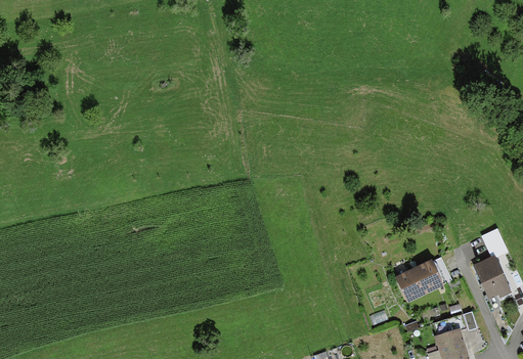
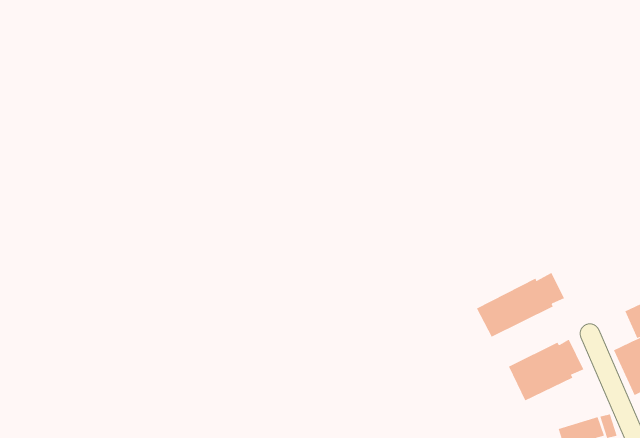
building: none -> [476,272,565,338]

